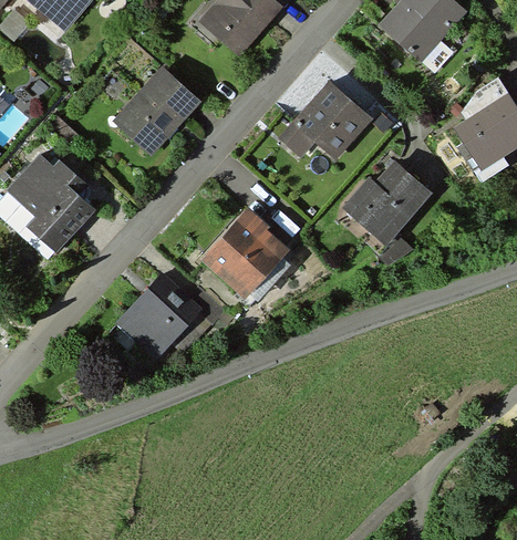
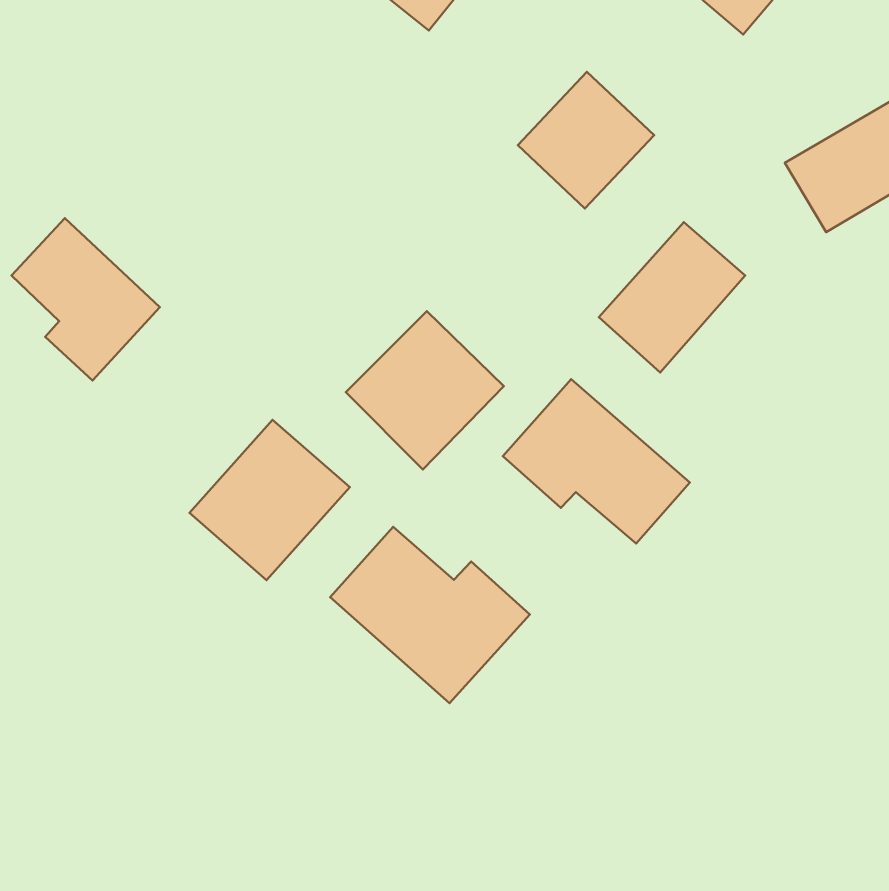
building: [122,69,204,156] -> none
building: none -> [503,379,690,544]
building: none -> [330,527,530,703]

